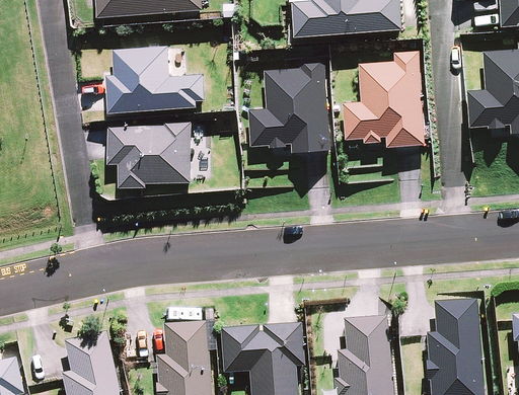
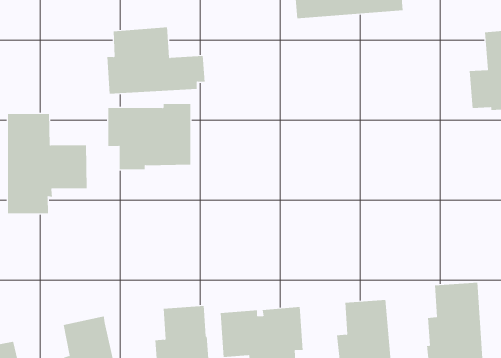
building: [344,51,425,147] -> none
building: [248,58,330,154] -> none
building: none -> [7,113,87,214]

